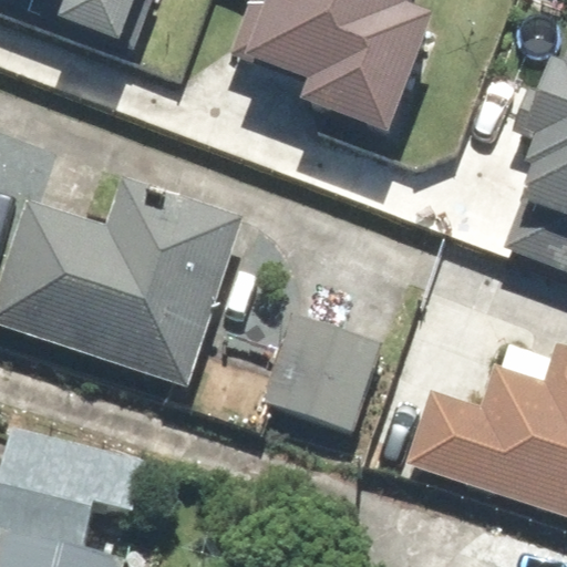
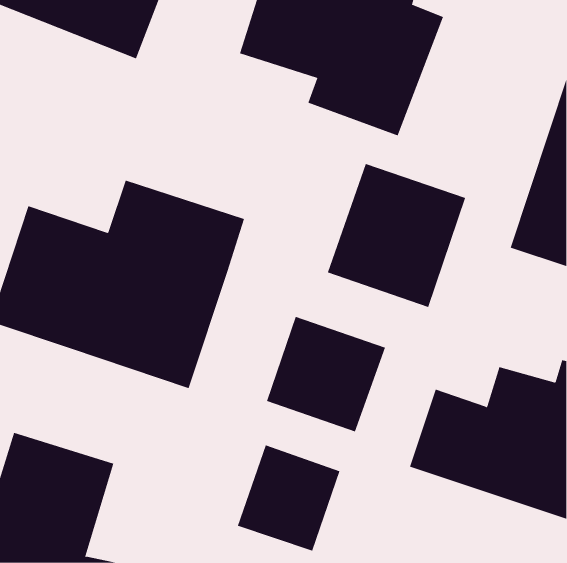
building: none -> [327,163,466,308]
building: none -> [237,445,340,552]

